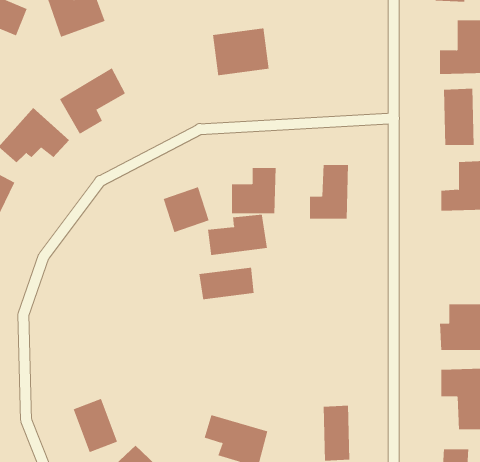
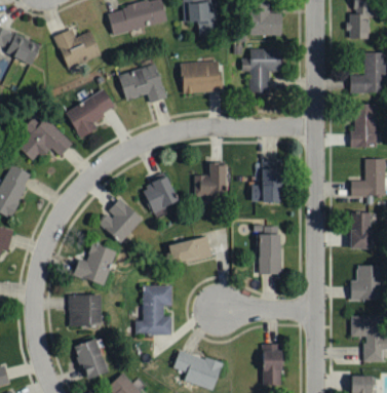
building: none -> [242,48,282,90]
building: none -> [119,64,166,103]
building: none -> [100,198,143,243]
building: [207,214,268,256] -> none
building: none -> [352,212,372,249]
building: none -> [260,235,282,274]
building: none -> [73,243,116,286]
building: none -> [134,285,172,333]
building: none -> [69,294,102,327]

